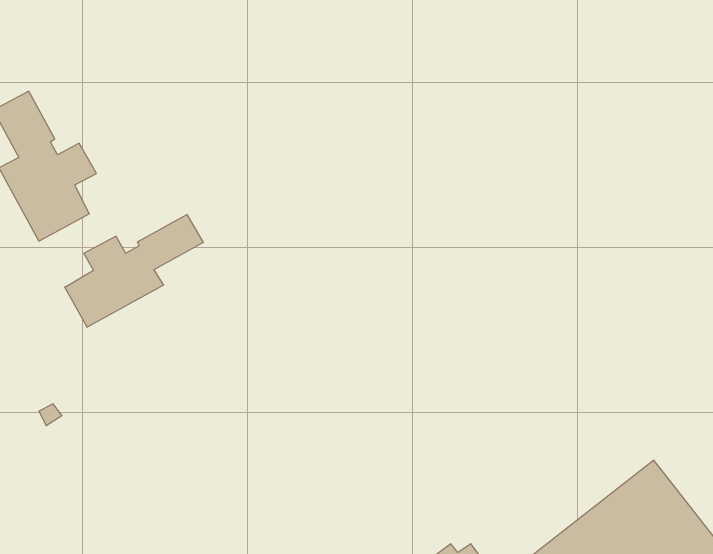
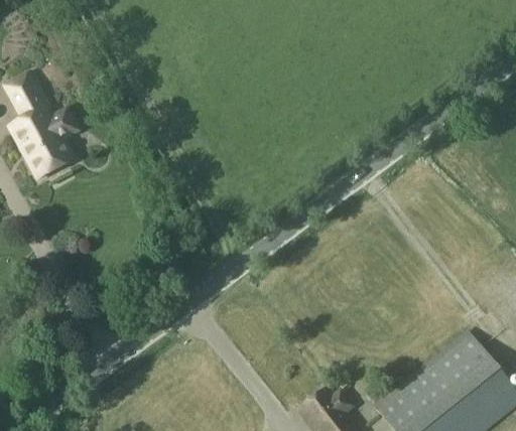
building: [65,215,203,327] -> none

